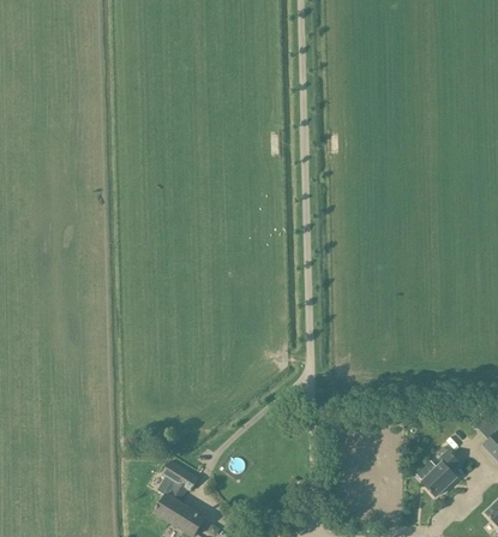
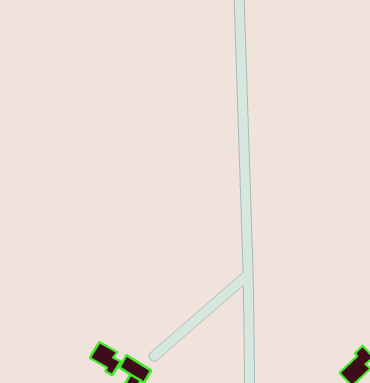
building: none -> [90,342,121,375]

